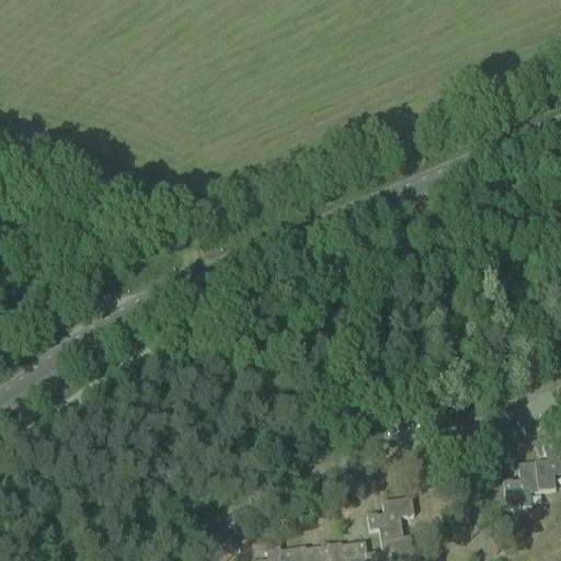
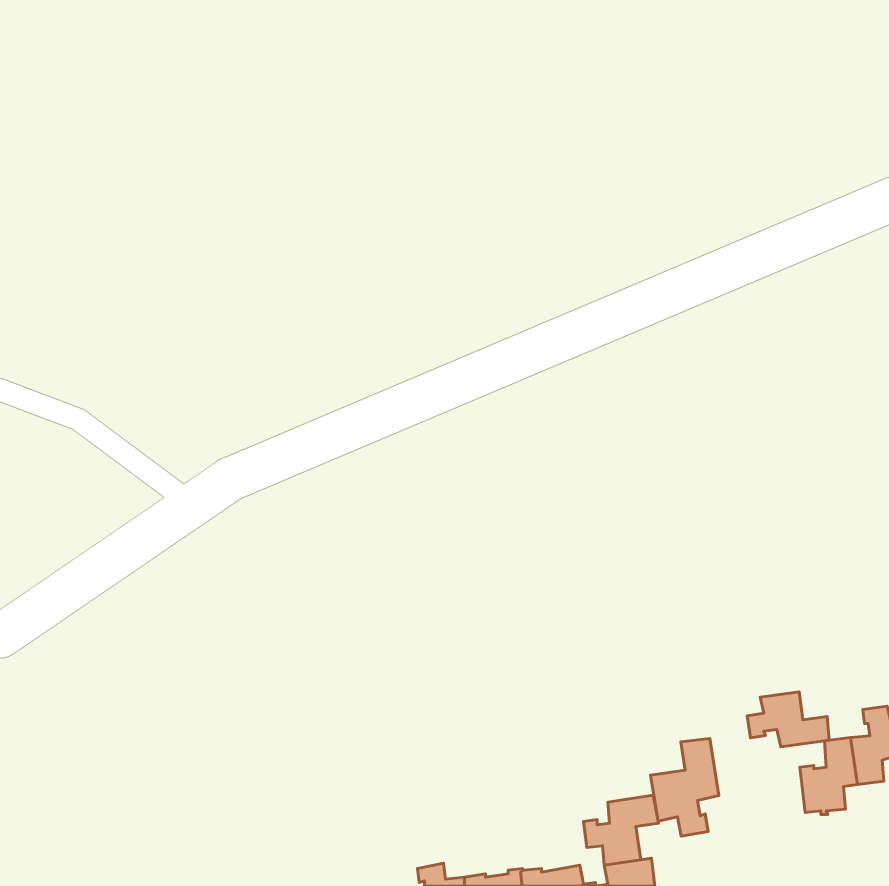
building: none -> [747,692,829,747]
building: none -> [651,738,719,836]

